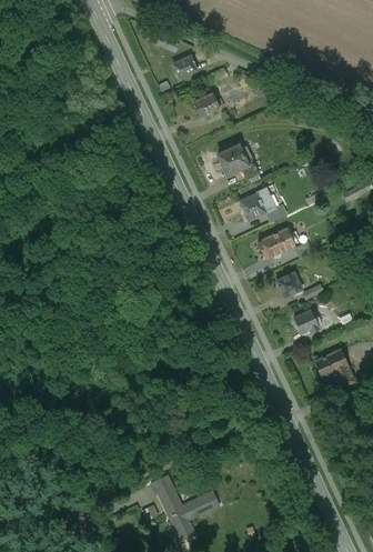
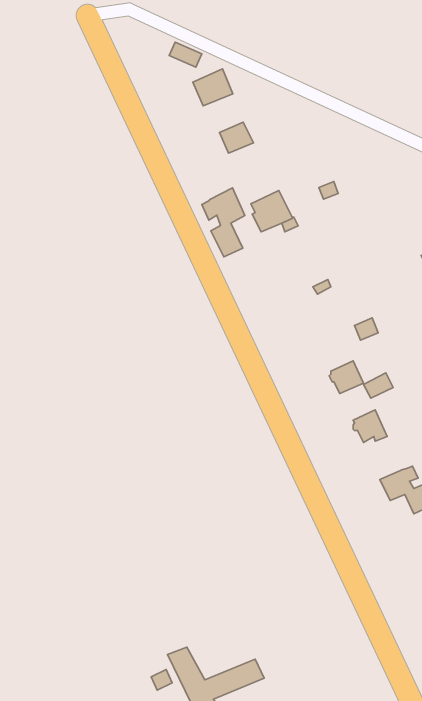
building: none -> [202,188,245,257]
building: [240,188,275,219] -> none
building: [258,230,286,258] -> none

